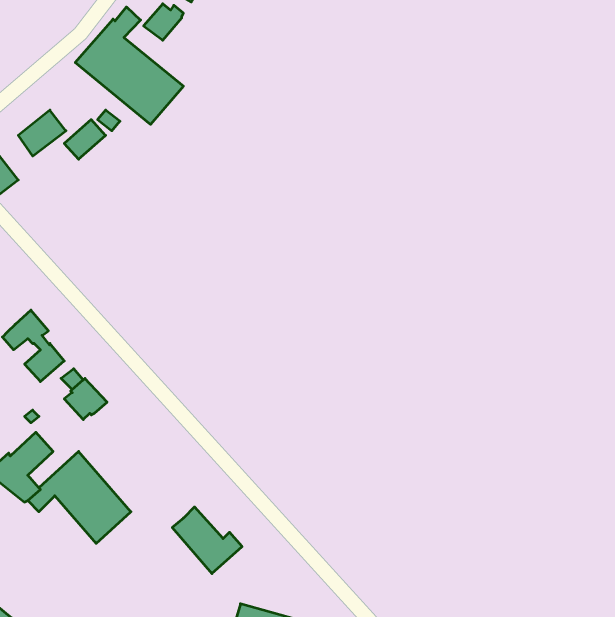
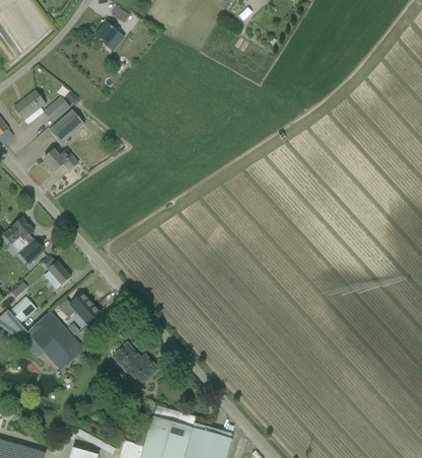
building: [75,7,183,124] -> none
building: none -> [50,110,84,145]
building: none -> [44,150,78,172]
building: none -> [58,294,98,323]

